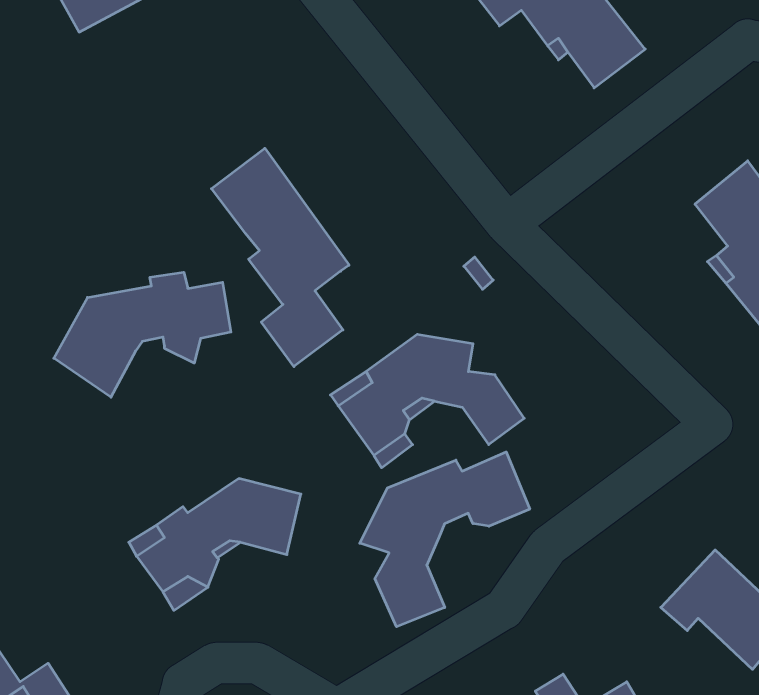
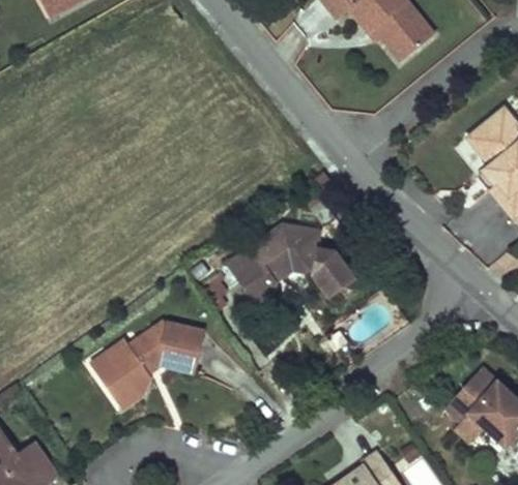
building: [211,148,349,367] -> none
building: [54,272,231,397] -> none
building: [360,452,530,627] -> none

